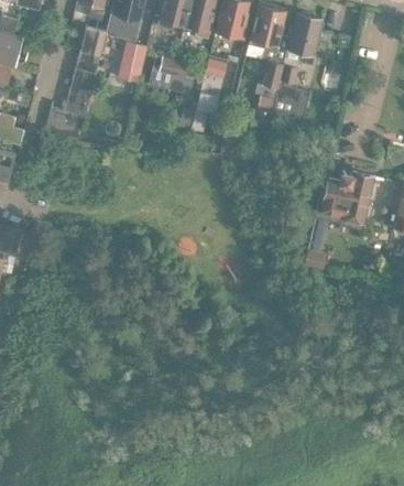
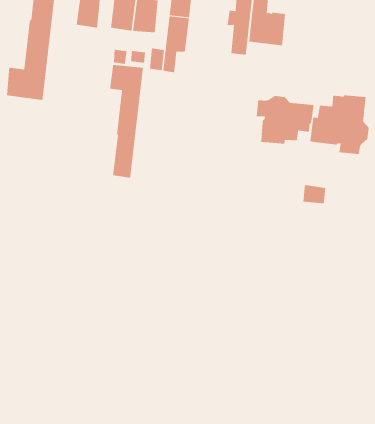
building: none -> [109,64,143,178]
building: none -> [256,95,314,145]

